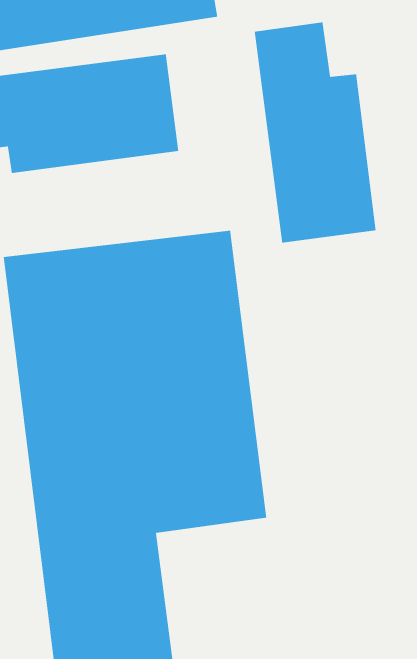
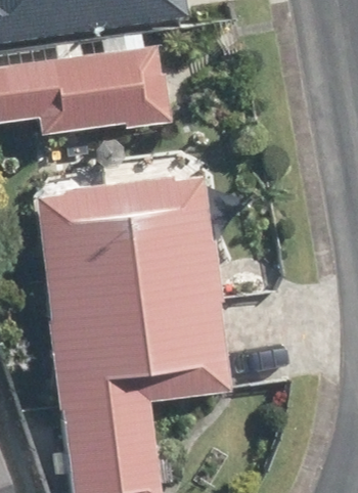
building: [254,21,377,243] -> none

